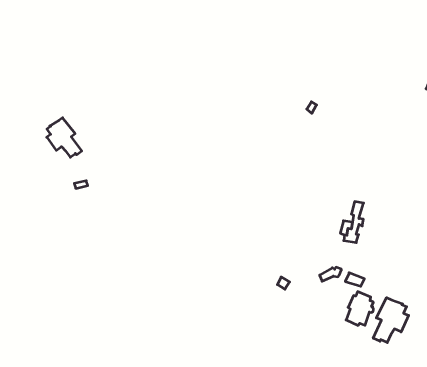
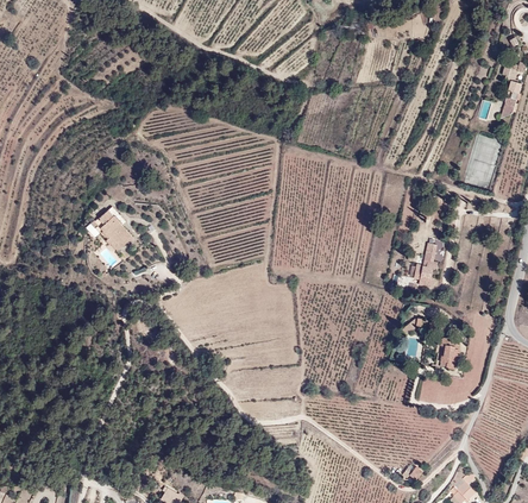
building: [373,298,409,343] -> none

